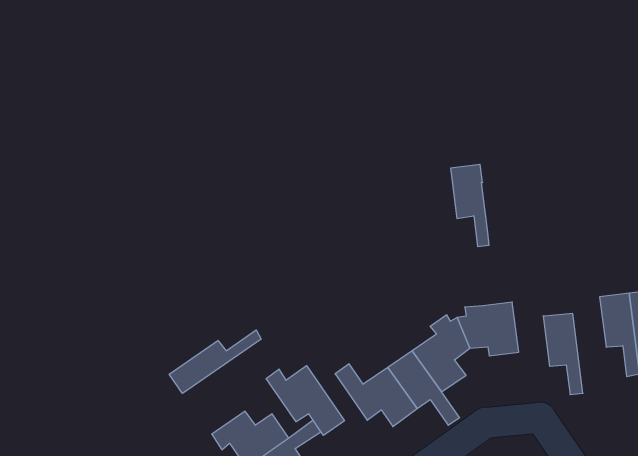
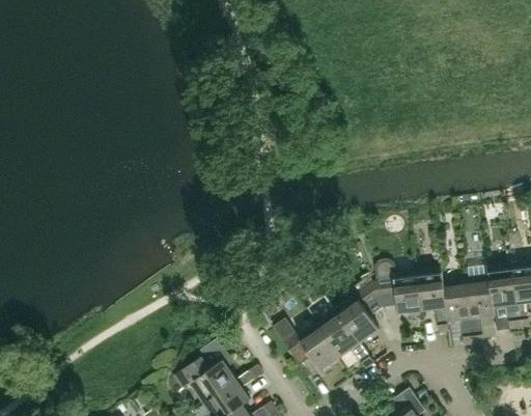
building: [451,164,489,247] -> [417,267,448,333]
building: none -> [466,266,495,343]
building: [169,330,261,393] -> none
building: [266,366,344,435] -> none

